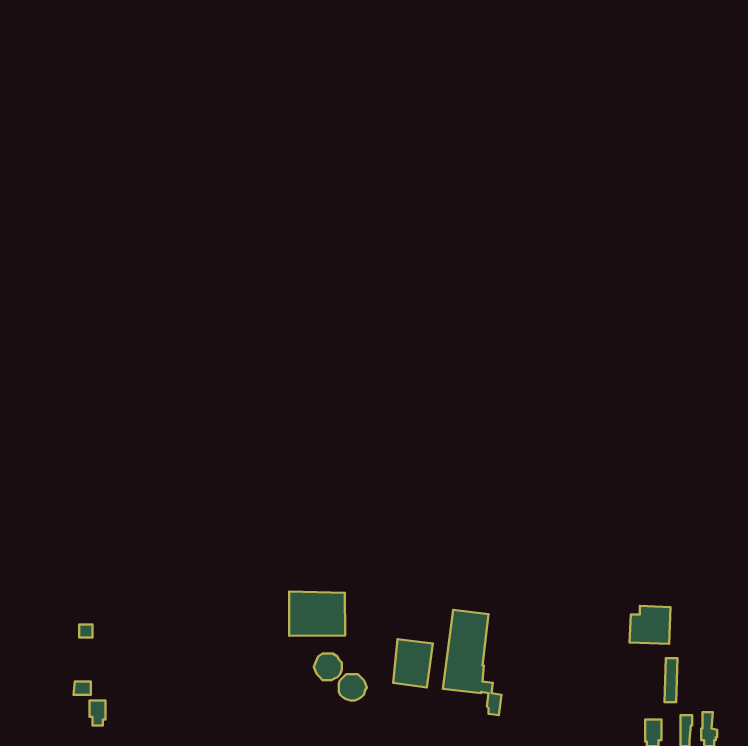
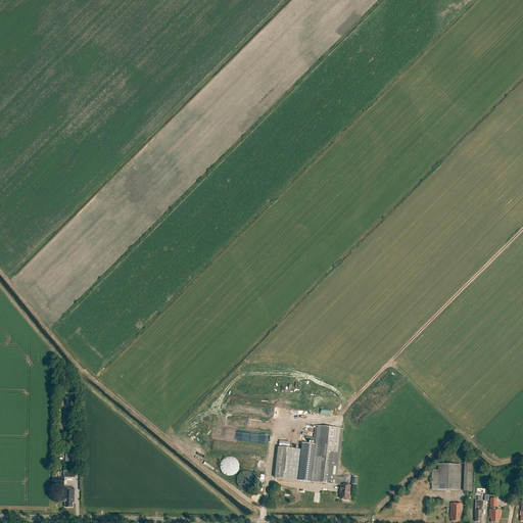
building: [289,592,345,636] -> none
building: [629,606,671,644] -> [430,463,459,489]

